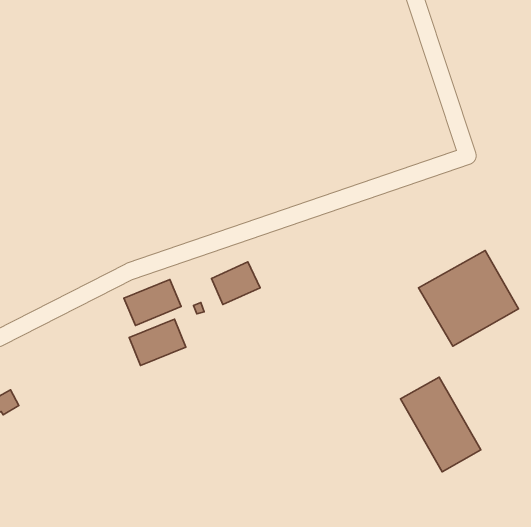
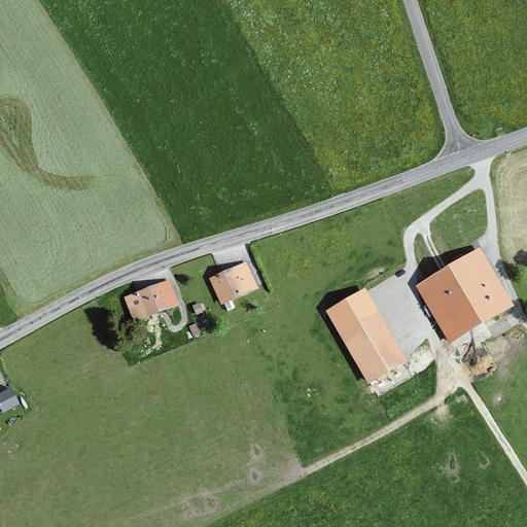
building: [129,319,186,366] -> none
building: [401,377,481,472] -> [326,289,406,383]

